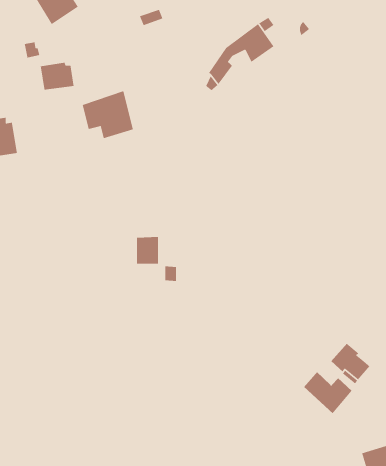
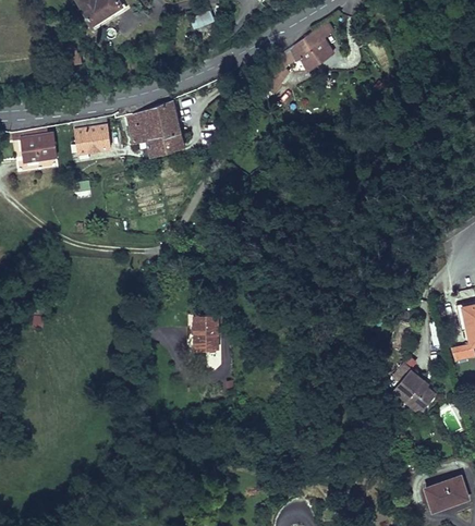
building: [40,62,74,90] -> [74,123,111,154]
building: [136,236,159,265] -> [194,316,218,346]
building: [303,371,353,414] -> none

